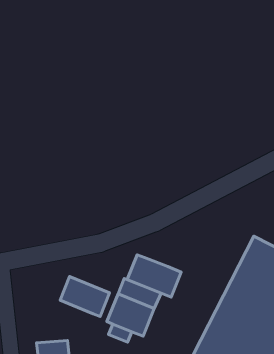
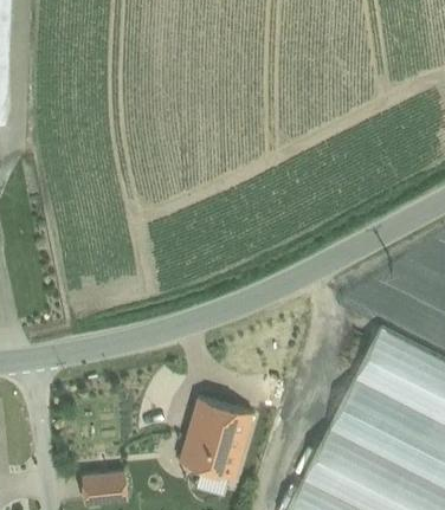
building: [127,255,181,297] -> none
building: [60,277,110,316] -> none

